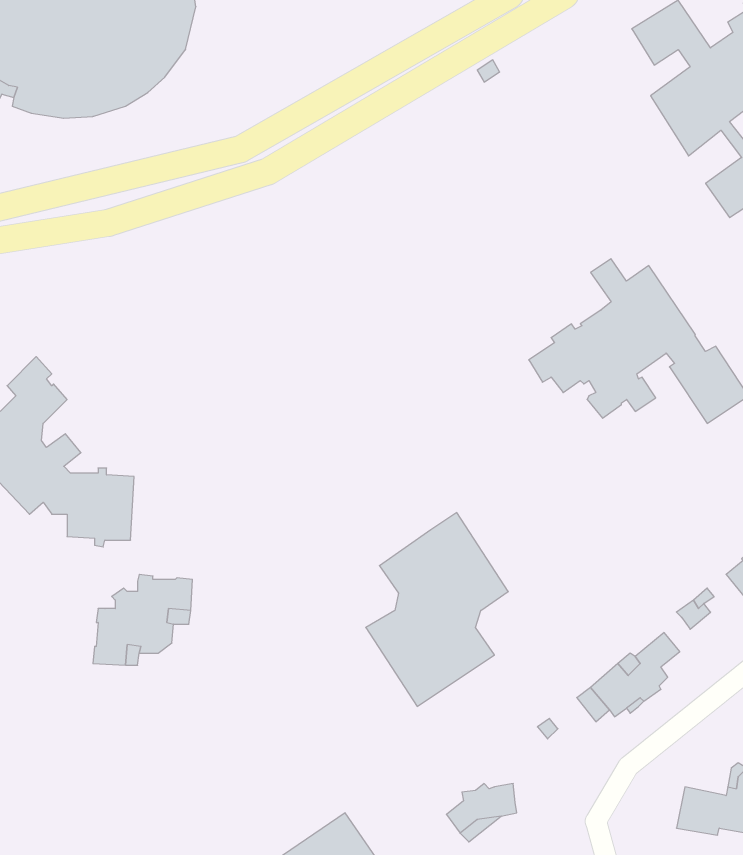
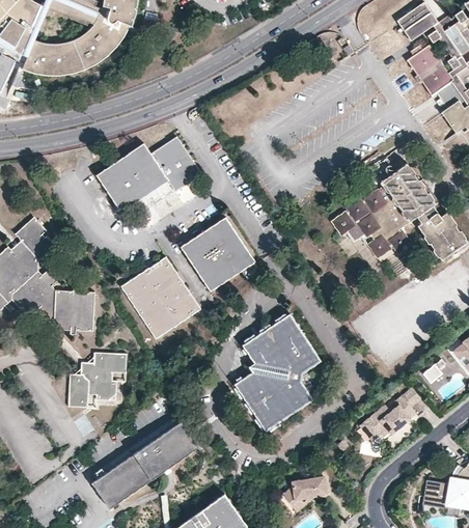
building: none -> [95,137,200,211]
building: none -> [182,218,254,290]
building: none -> [121,257,199,338]
building: none -> [92,421,198,507]

